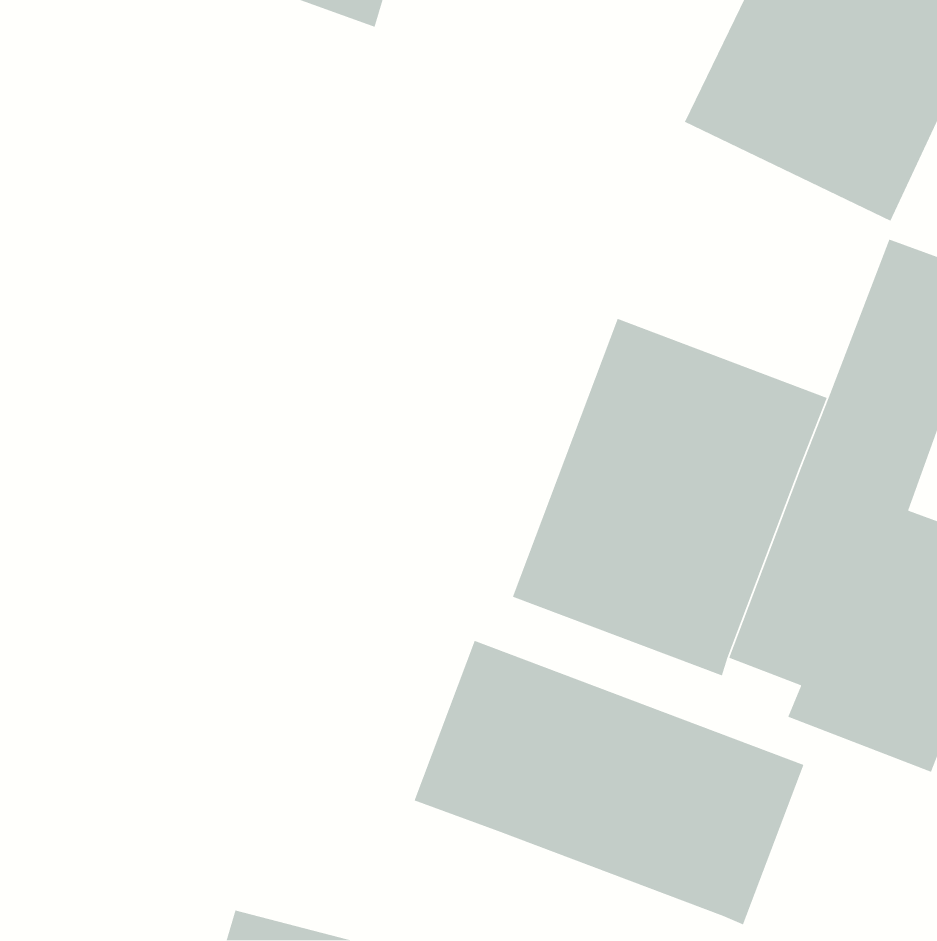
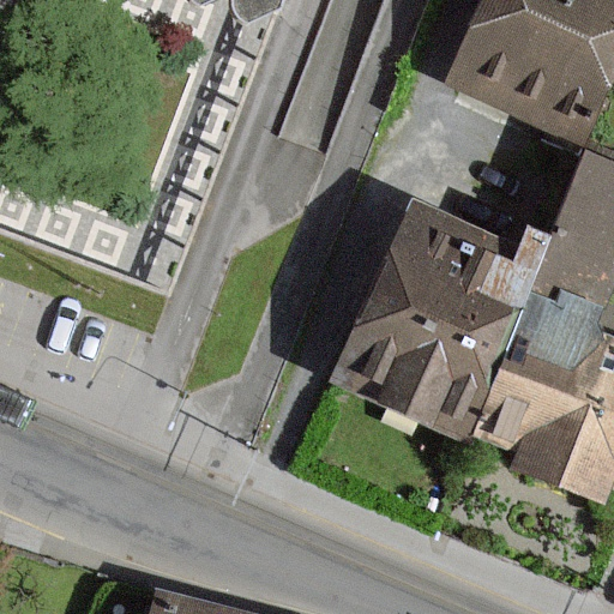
building: [413,640,804,926] -> none

